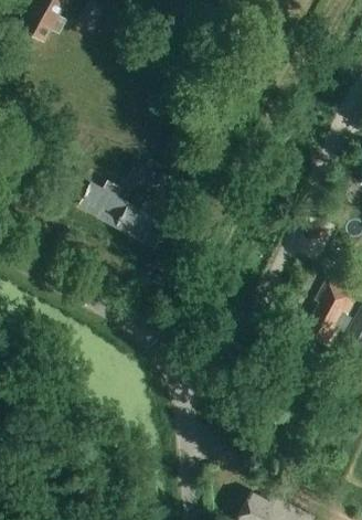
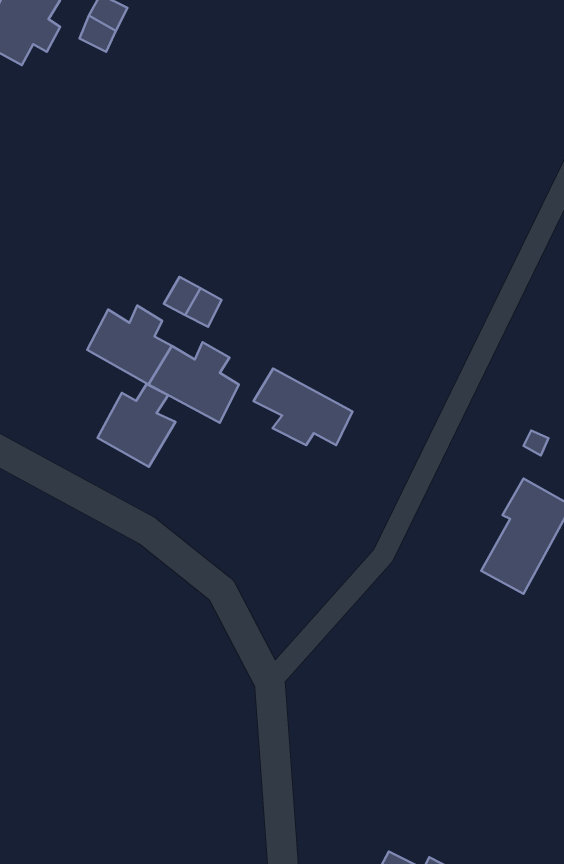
building: none -> [254,369,353,445]
building: none -> [98,384,175,467]

